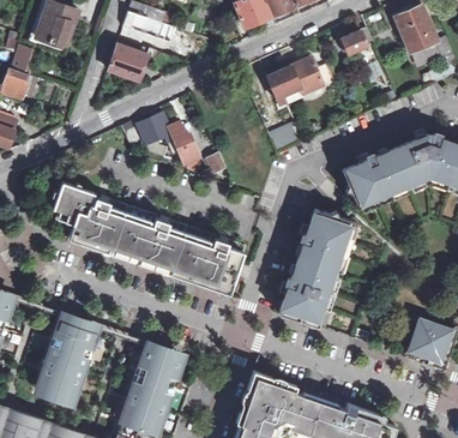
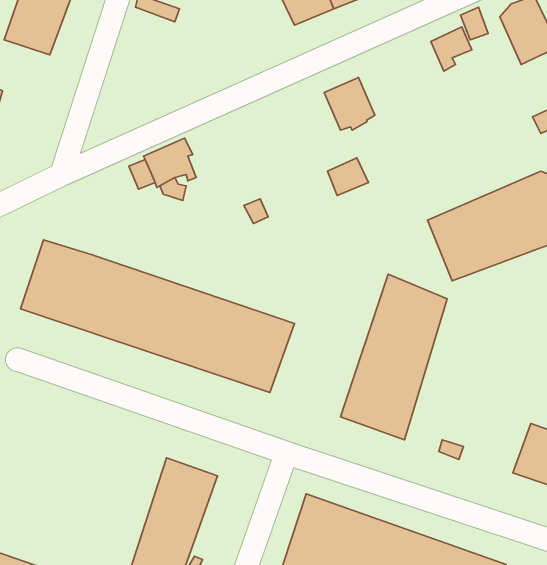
building: [122,13,164,42] -> none
building: [108,47,146,83] -> none
building: [291,56,335,92] -> none
building: [167,118,204,169] -> none
building: [38,317,101,408] -> none

